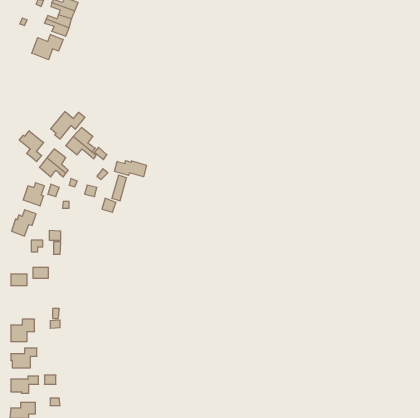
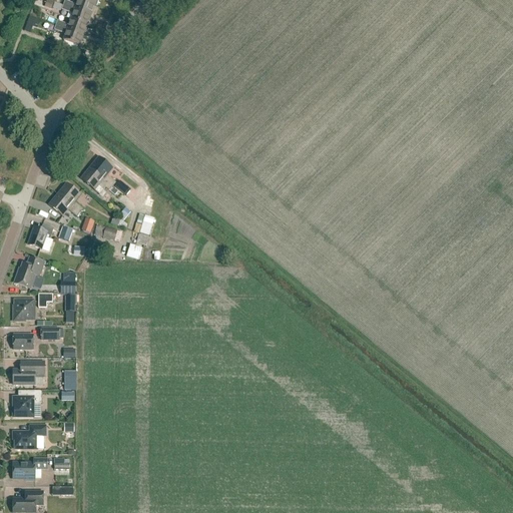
building: [32,34,63,60] -> none
building: [51,112,85,139] -> none
building: [19,131,44,162] -> none
building: [114,161,147,177] -> none
building: none -> [13,299,34,320]
building: none -> [13,360,44,384]

